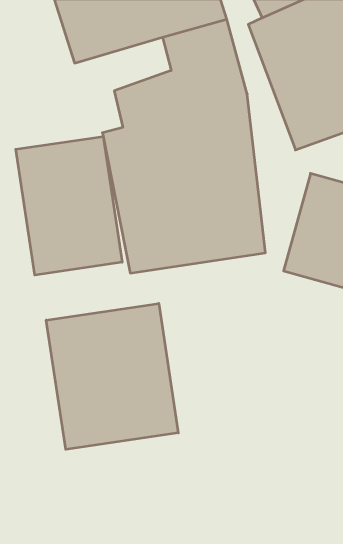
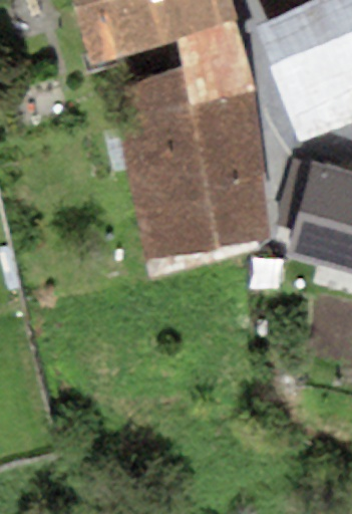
building: [16,136,122,275] -> none
building: [46,303,178,449] -> none

